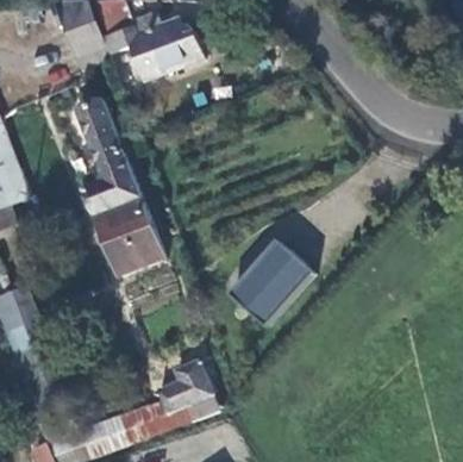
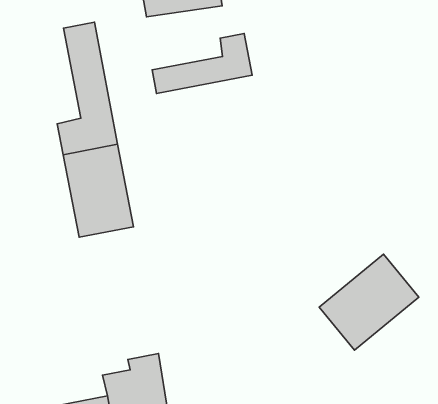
building: none -> [152,34,252,94]
building: [231,238,313,323] -> [319,254,419,350]

